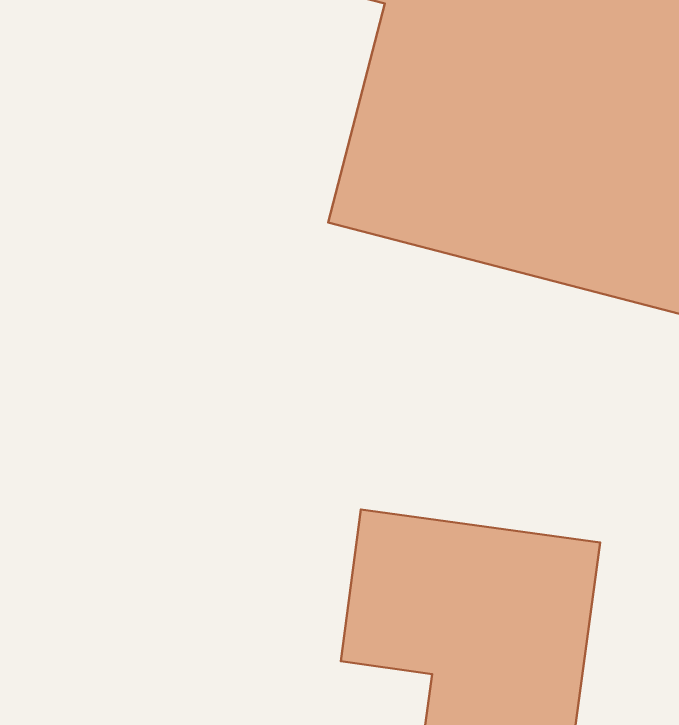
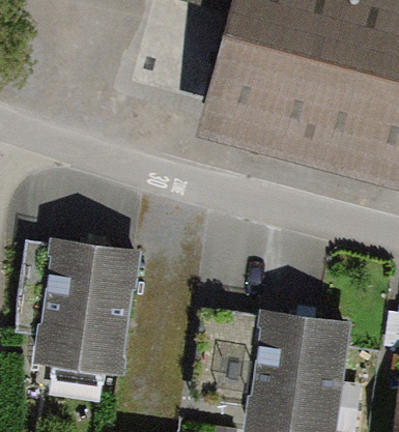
building: none -> [19,235,140,374]

